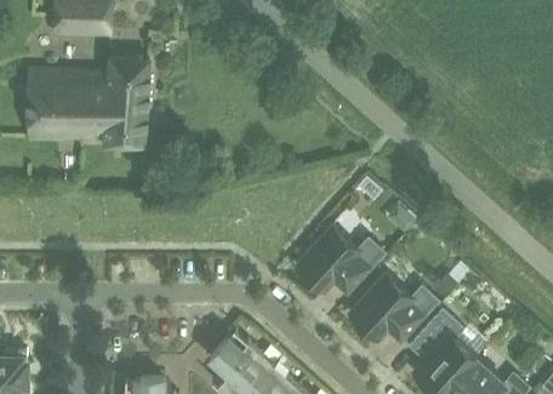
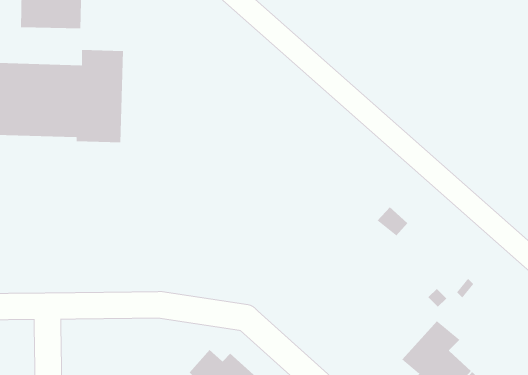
building: [296,224,382,290] -> none
building: [349,273,435,337] -> none

